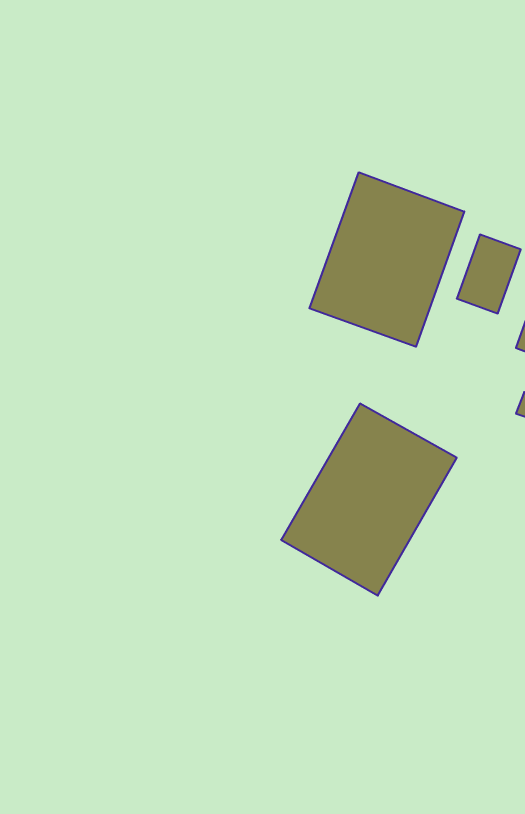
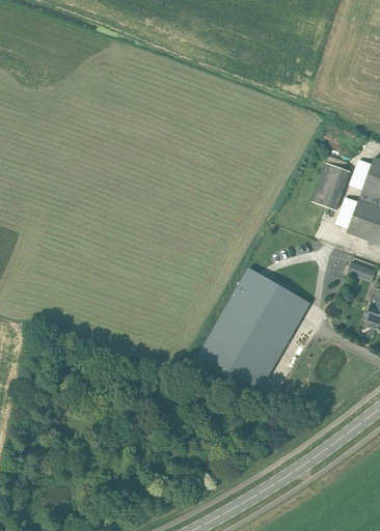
building: [309,172,464,347] -> none

